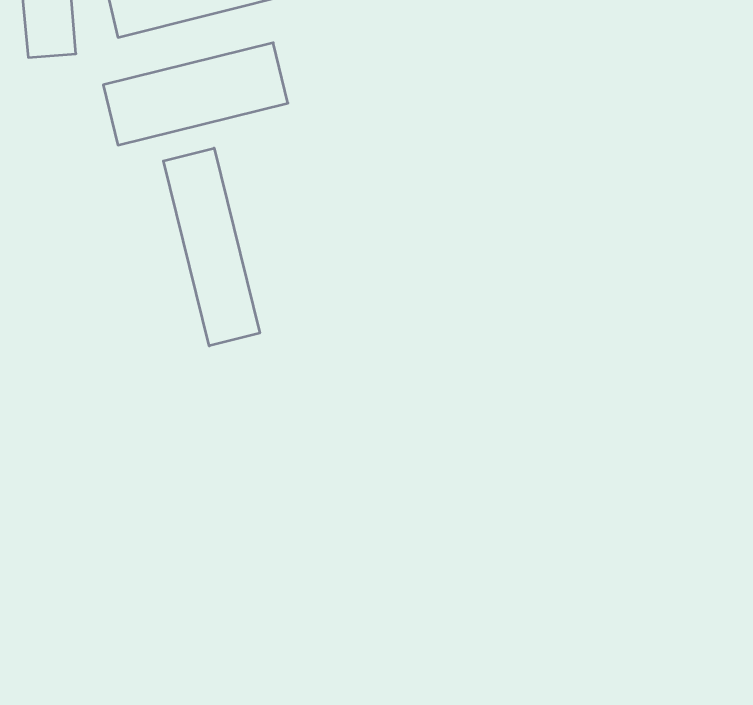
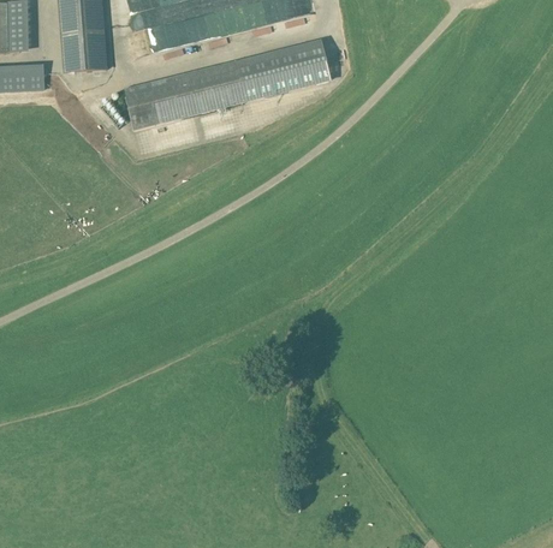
building: none -> [236,40,329,101]
building: [163,148,260,346] -> none

